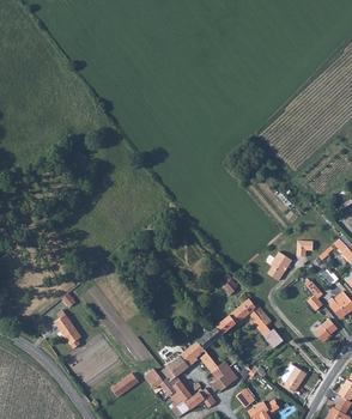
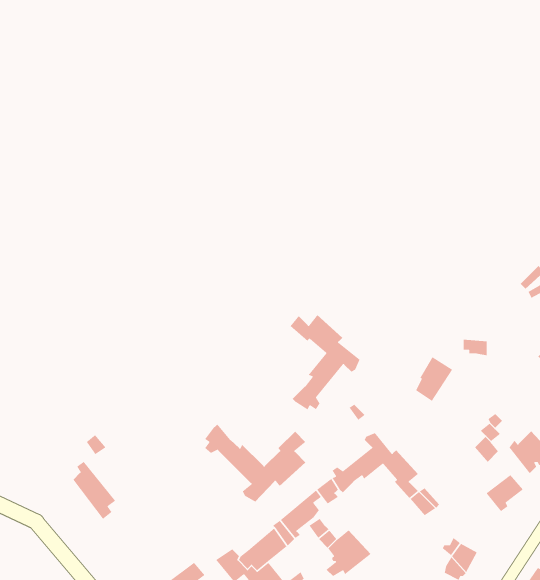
building: none -> [290,314,361,411]
building: none -> [204,424,306,503]

